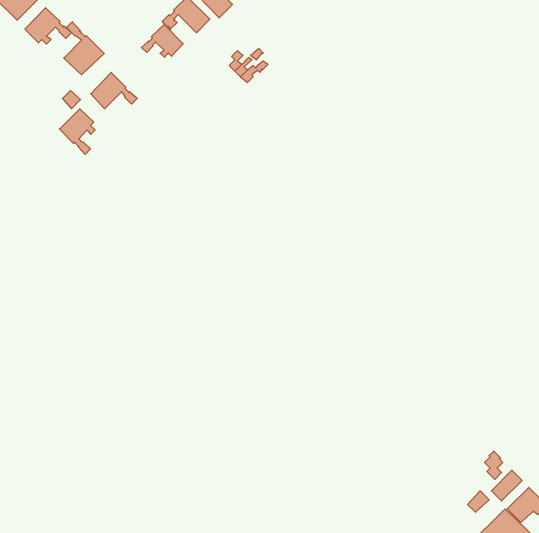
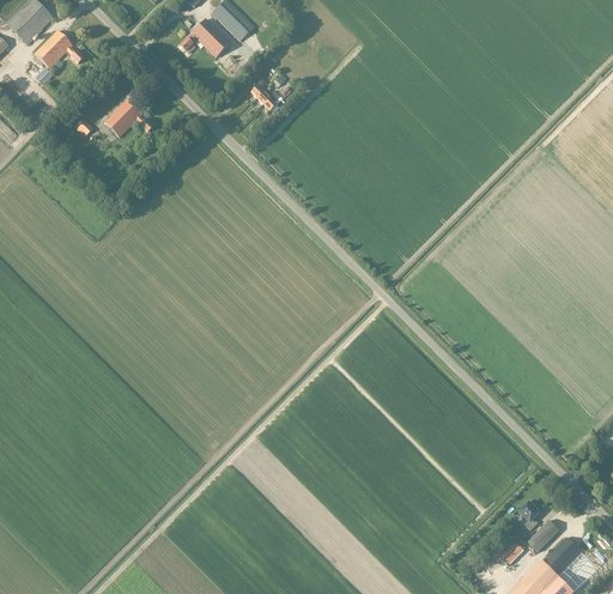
building: [64,22,104,75] -> none
building: [141,25,183,57] -> none
building: [59,109,95,154] -> none

